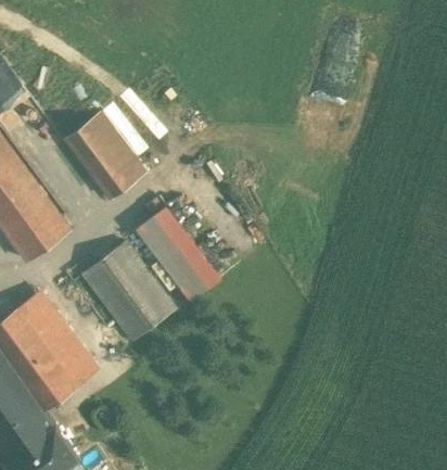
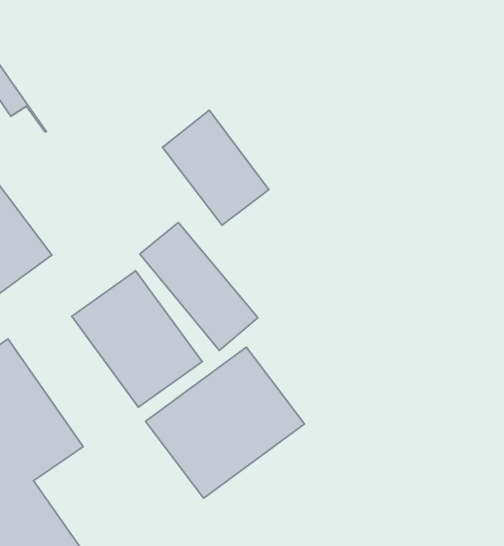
building: [69,107,151,195] -> [162,110,269,225]
building: none -> [146,347,304,498]

